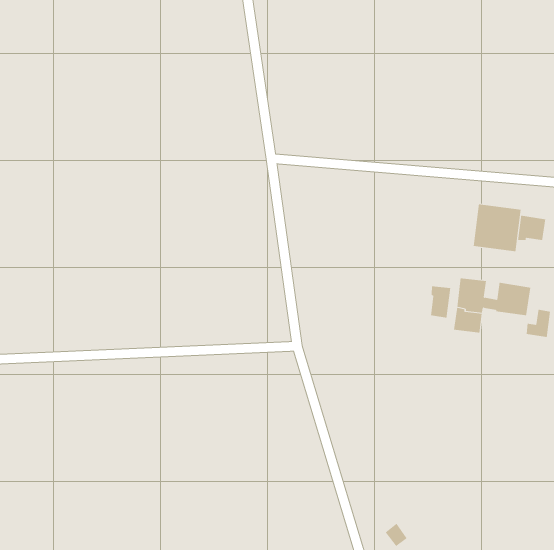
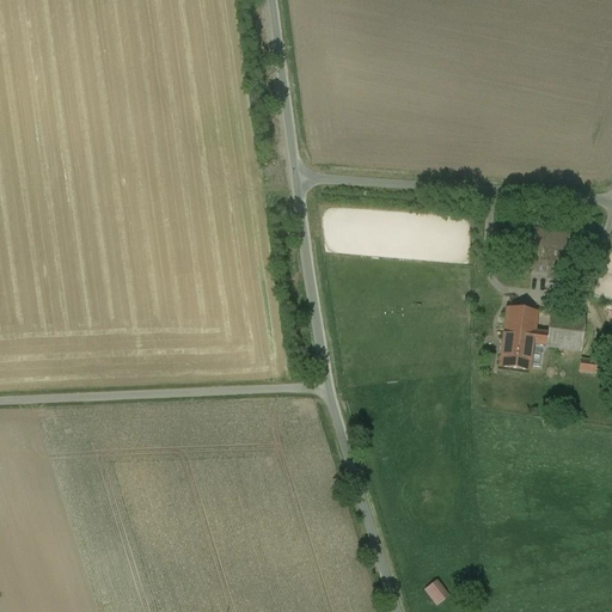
building: [518,215,546,241] -> none
building: [430,285,451,318] -> none

